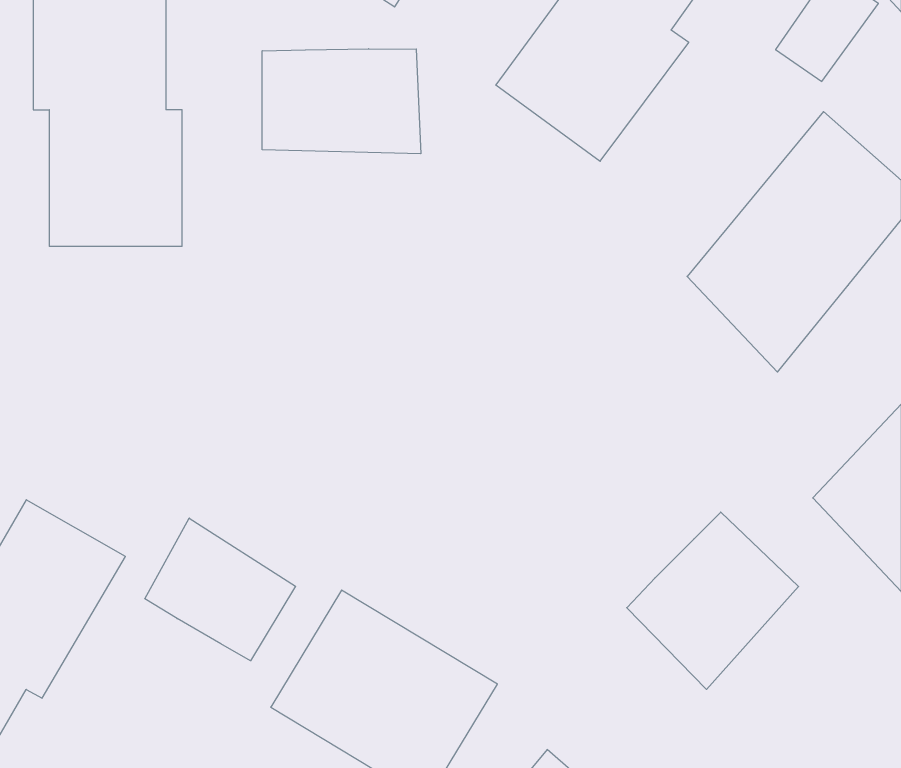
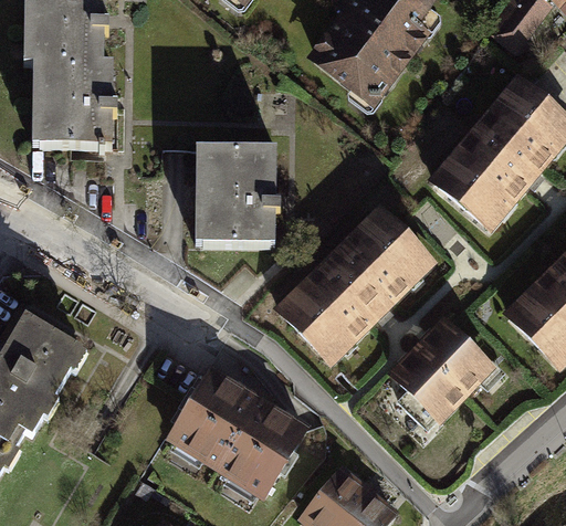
building: [262,49,421,154] -> none
building: none -> [193,150,279,252]
building: none -> [280,204,441,362]
building: [145,518,296,661] -> none

